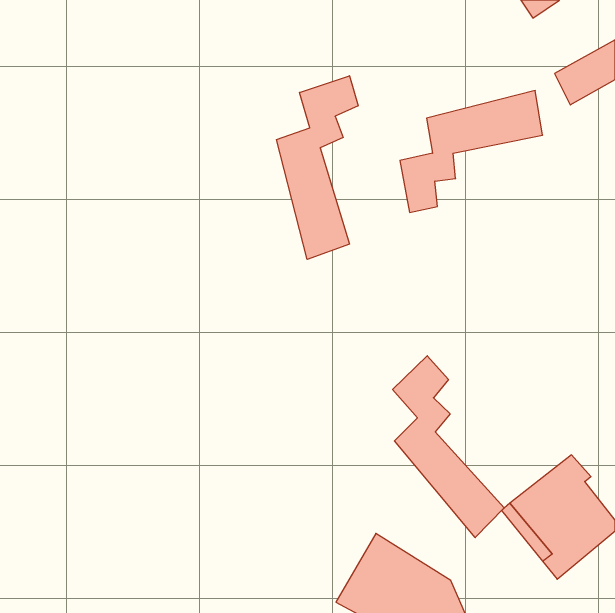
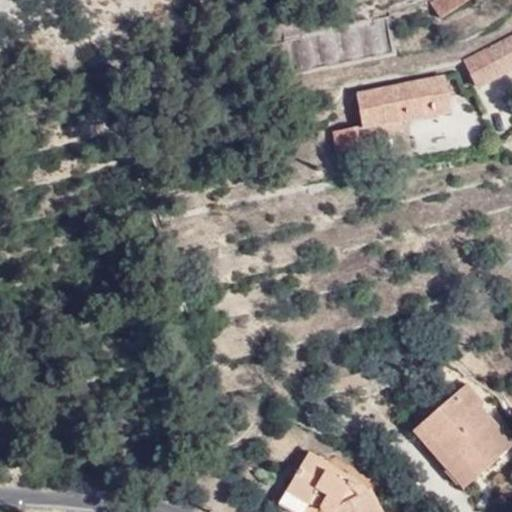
building: [277,76,358,259] -> none
building: [393,356,504,538] -> none

